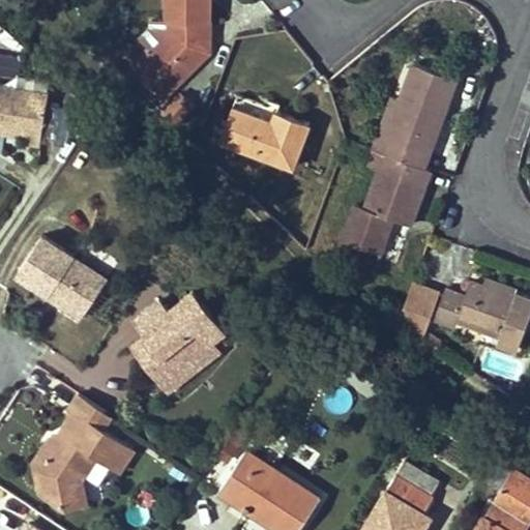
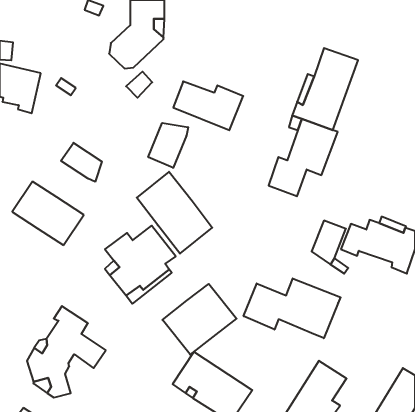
building: none -> [148,123,188,168]
building: none -> [61,143,102,182]
building: none -> [137,172,212,254]
building: none -> [244,278,341,338]
building: none -> [162,284,237,355]

